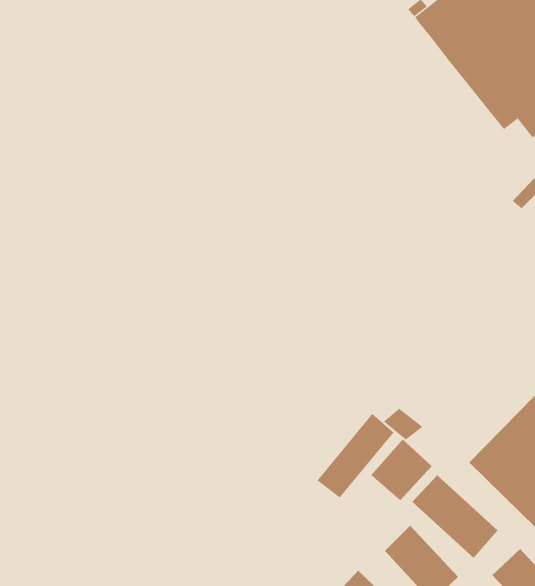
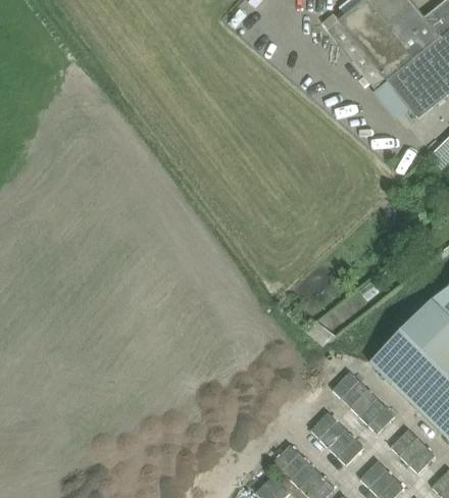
building: [317,413,394,499] -> none
building: [370,439,433,501] -> none

